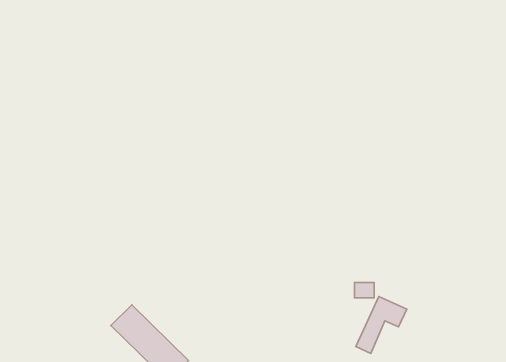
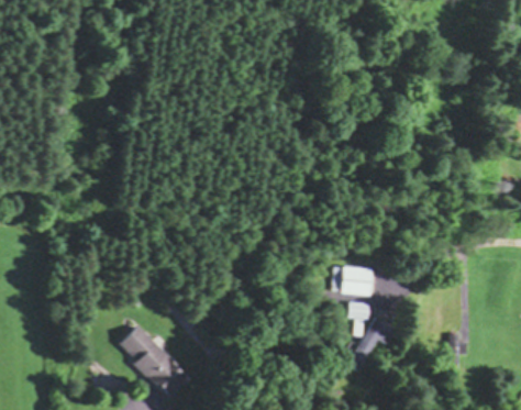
building: none -> [326,266,372,296]

